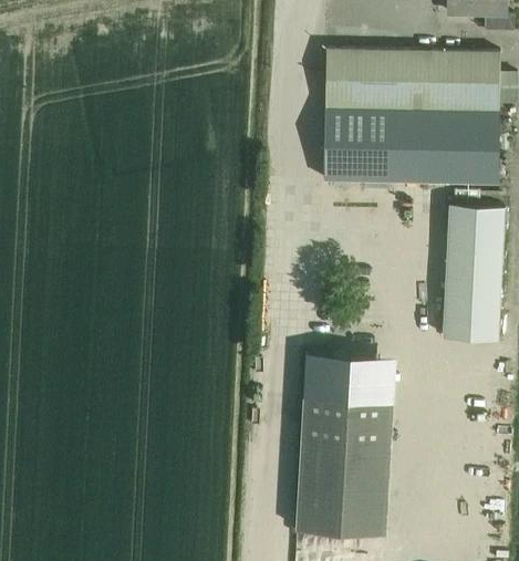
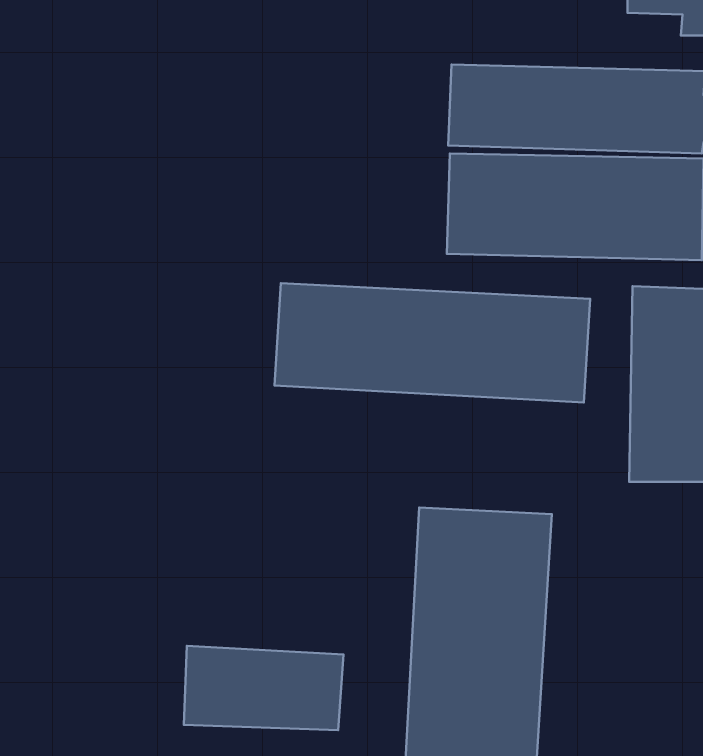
building: none -> [274,283,590,402]
building: none -> [184,646,343,730]

